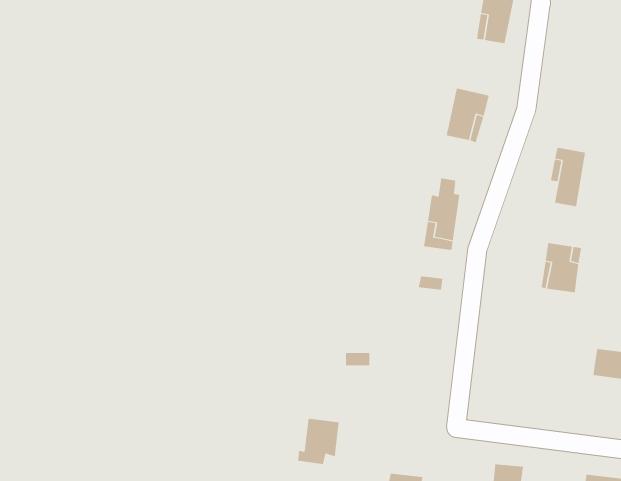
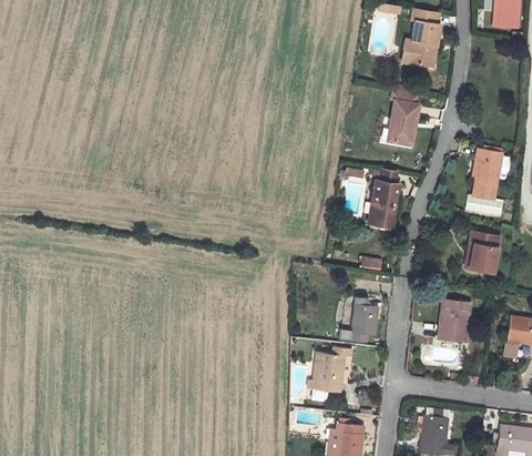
building: none -> [442,297,468,337]
building: none -> [349,303,377,341]
building: [297,418,339,465] -> [308,351,344,389]

